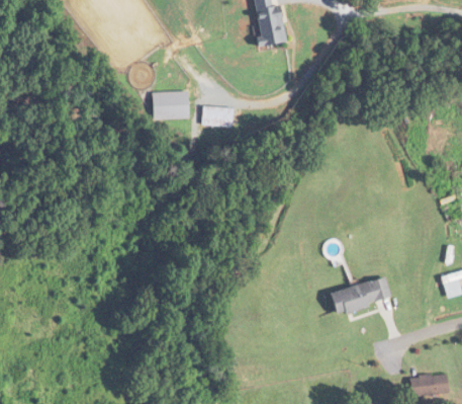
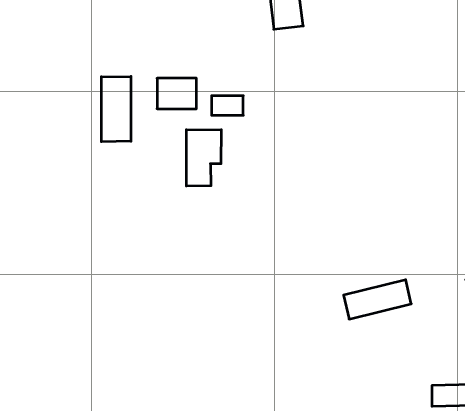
building: none -> [101,76,131,142]
building: none -> [186,130,221,186]

